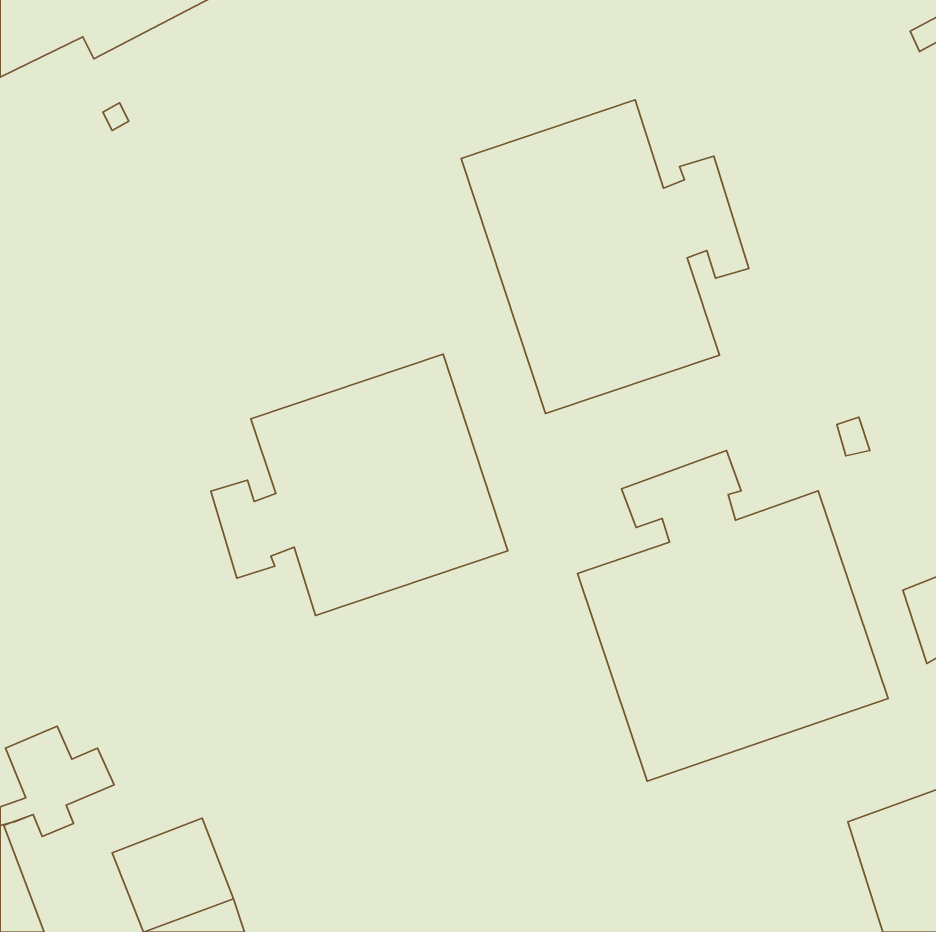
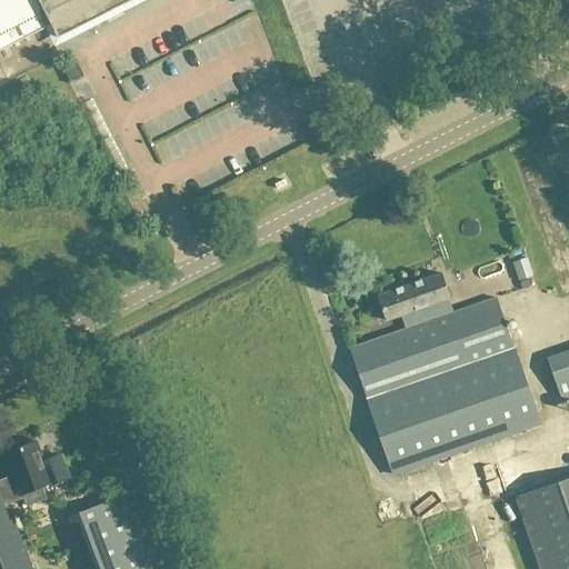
building: [461,100,749,414] -> none
building: [211,354,508,615] -> none

